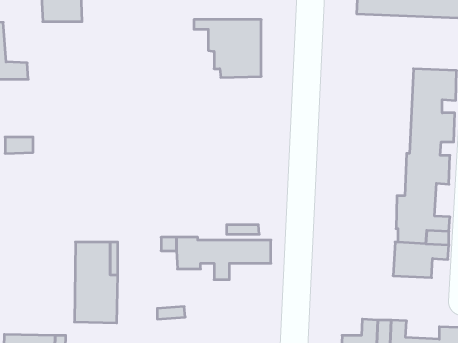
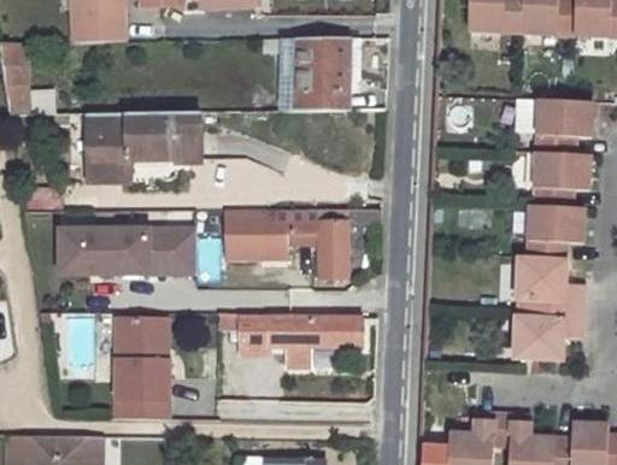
building: none -> [88,113,200,181]
building: none -> [228,208,378,277]
building: none -> [53,223,194,275]

